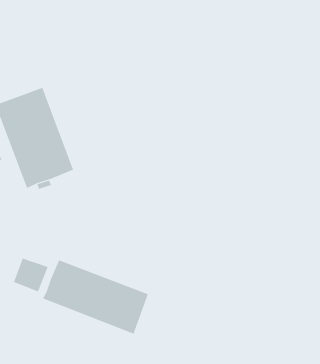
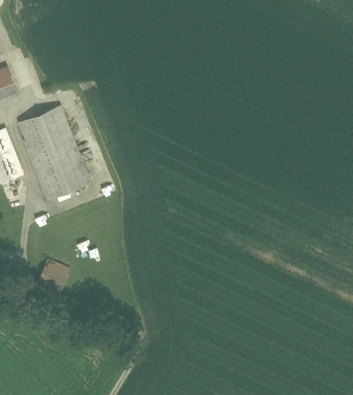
building: [43,259,149,334] -> none

